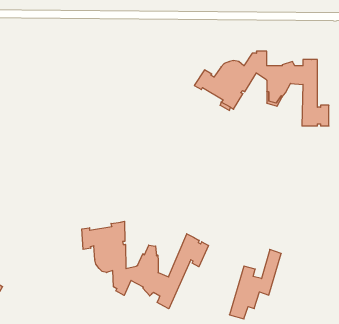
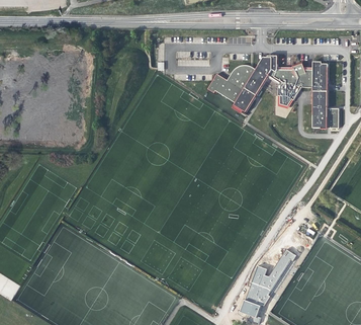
building: [82,221,208,309] -> none

